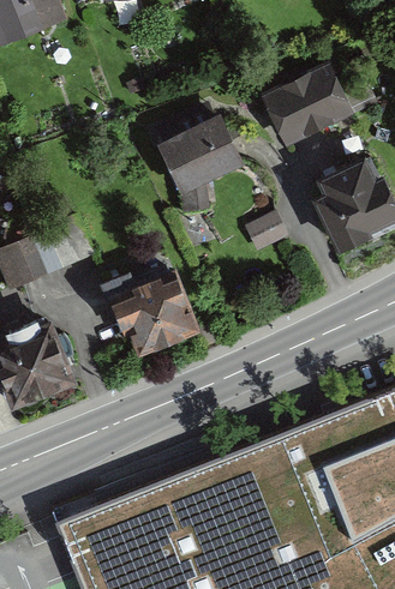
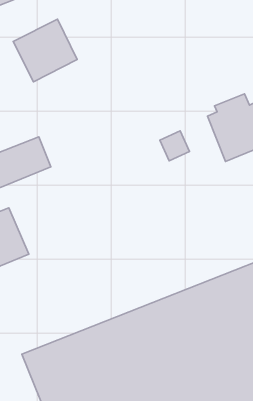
building: [258,64,346,143] -> none
building: [154,110,244,198] -> [13,19,77,82]
building: [98,271,194,357] -> none

